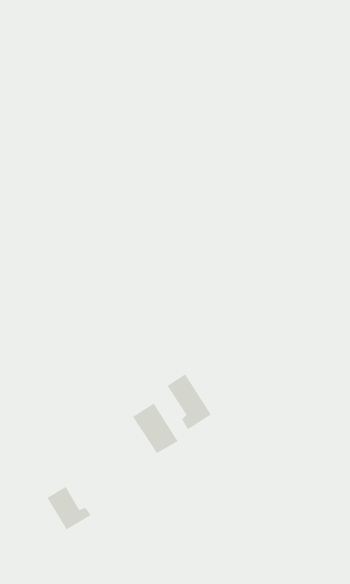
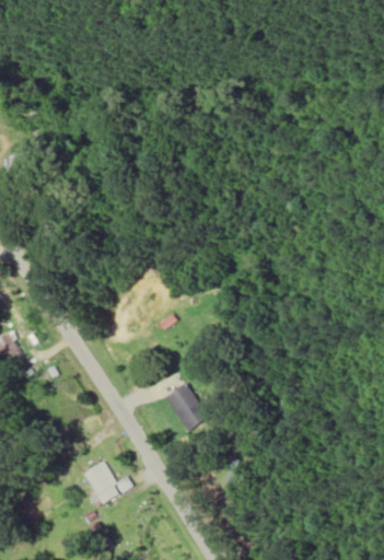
building: [167,373,211,430] -> none

